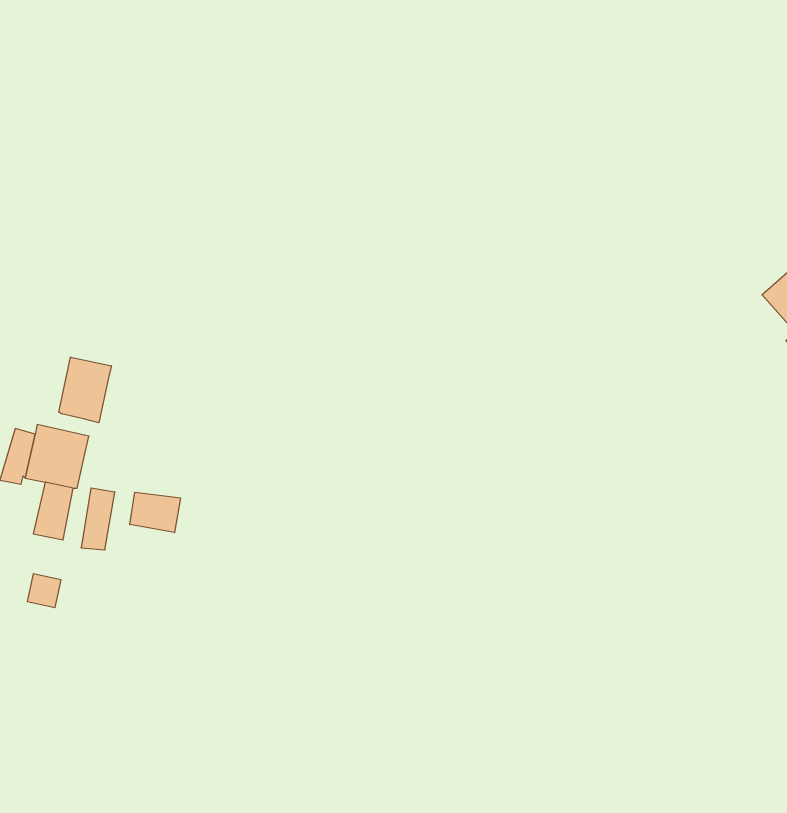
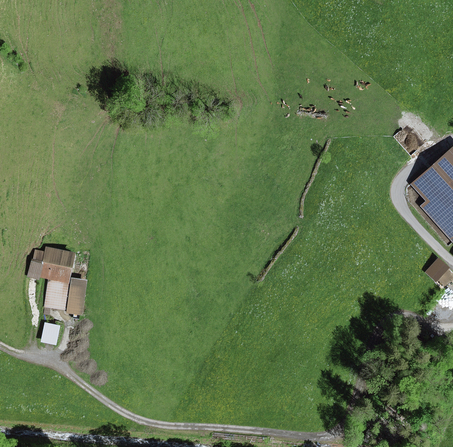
building: [59,357,111,423] -> none
building: [130,492,180,533] -> none

